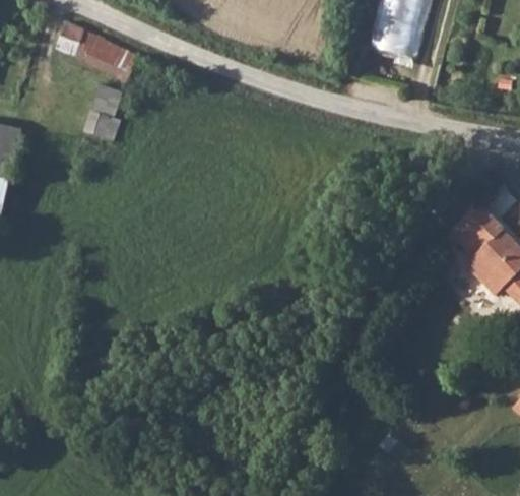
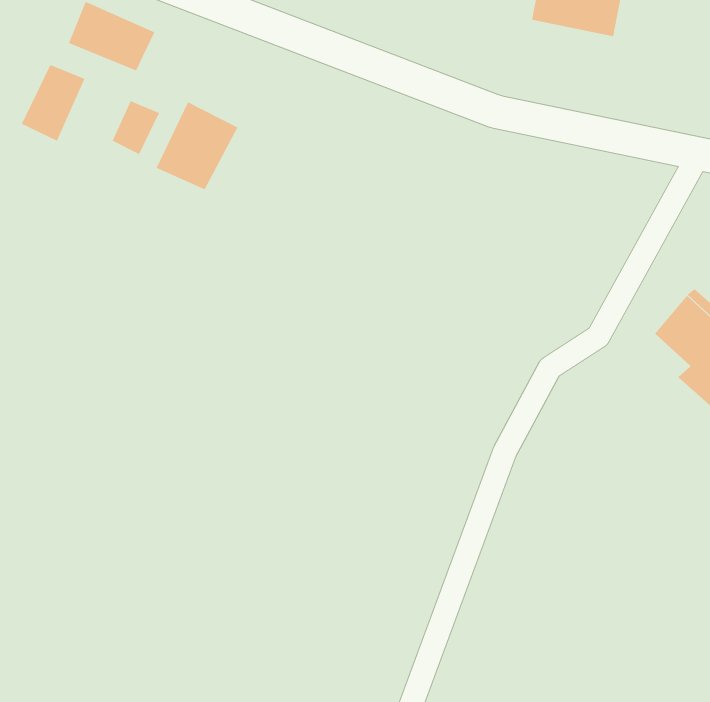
building: none -> [21,64,85,141]
building: none -> [156,101,238,190]

